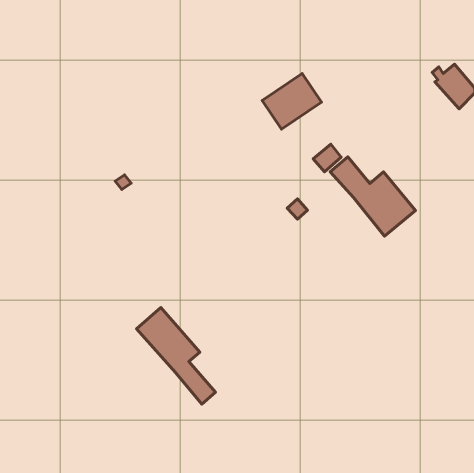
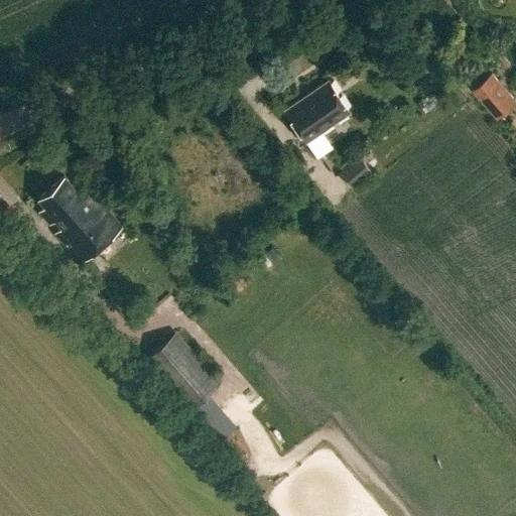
building: [330,157,415,236] -> none
building: none -> [38,177,123,264]

